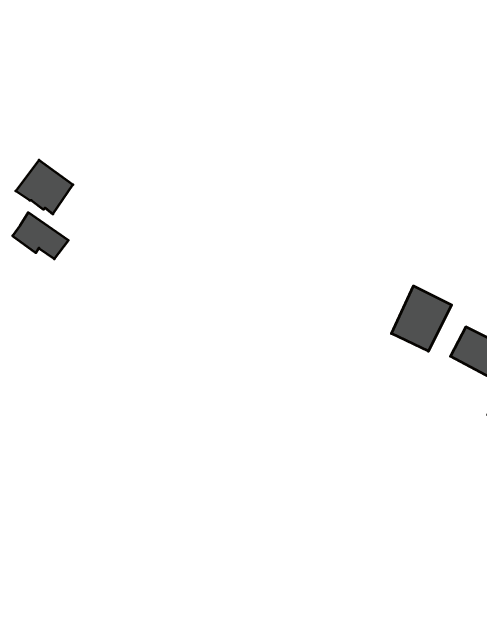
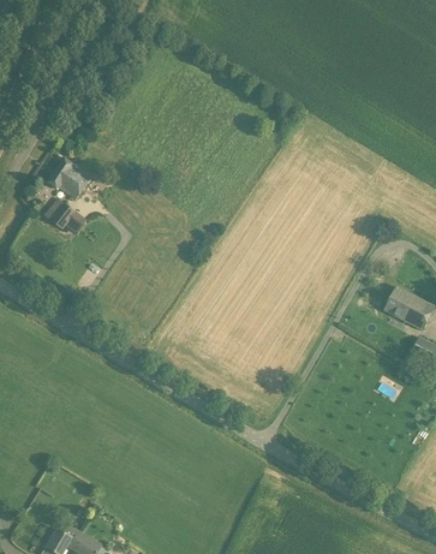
building: [391,286,452,351] -> none

